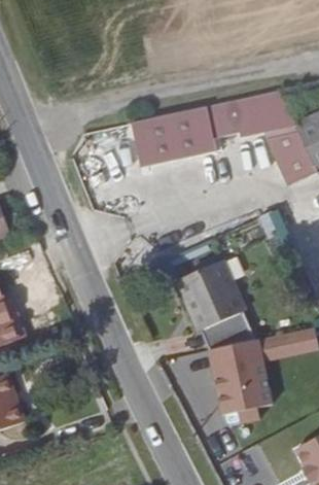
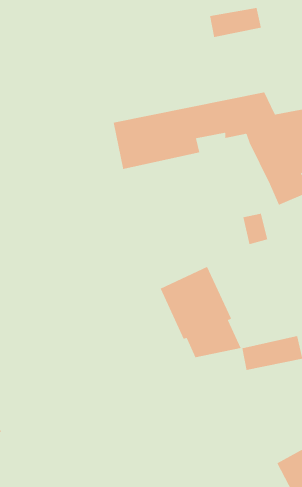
building: none -> [210,7,261,38]
building: [211,339,270,414] -> none

